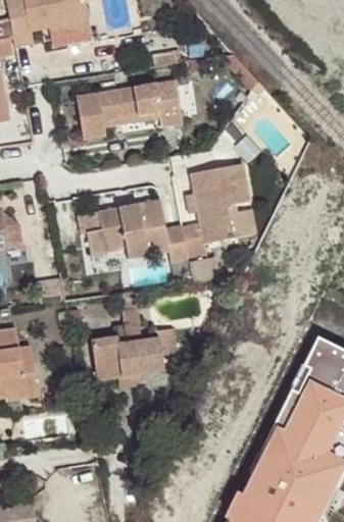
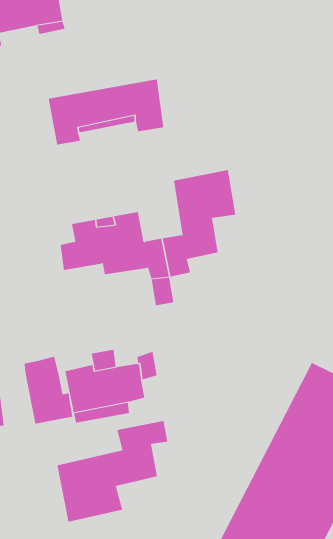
building: none -> [24,356,73,424]
building: none -> [57,420,168,522]

